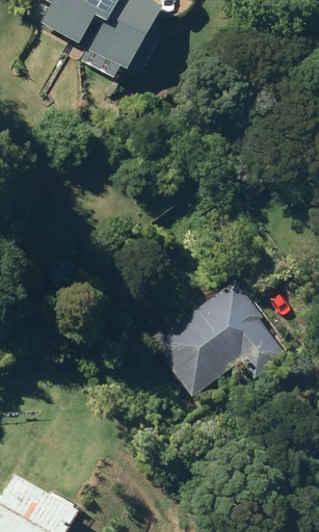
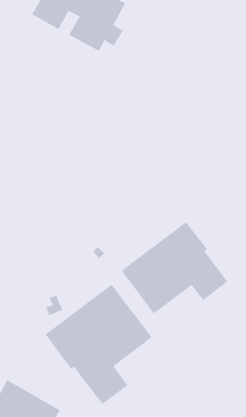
building: none -> [45,284,152,405]

